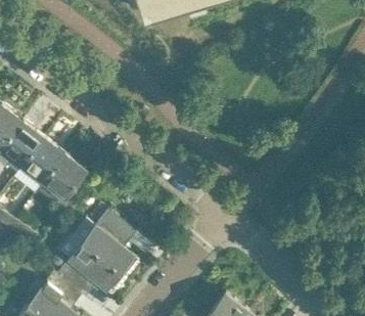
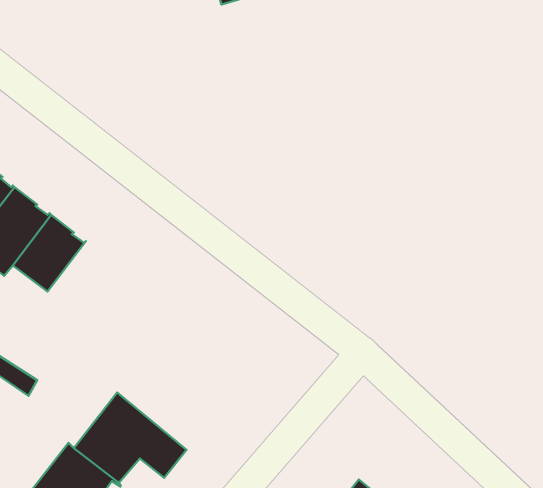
building: [40,153,84,200] -> none
building: [81,212,135,277] -> none

